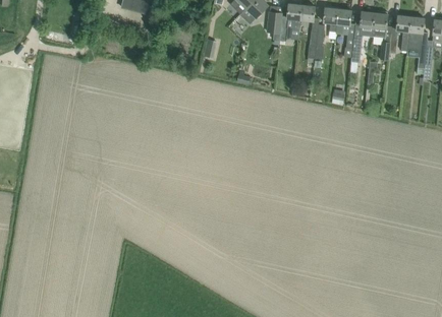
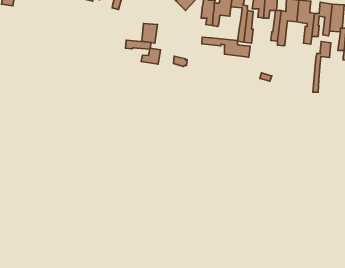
building: none -> [202,37,250,57]
building: none -> [125,40,160,64]
building: none -> [313,42,331,92]

